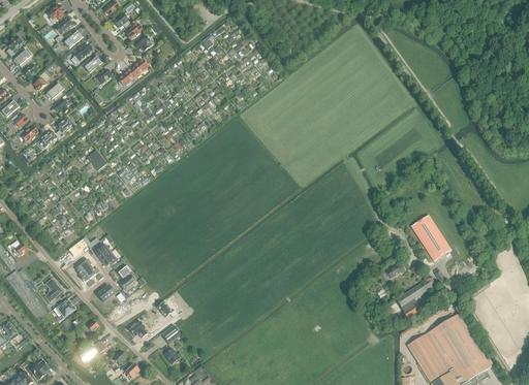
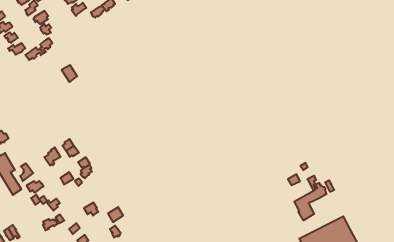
building: [410,215,450,260] -> none

